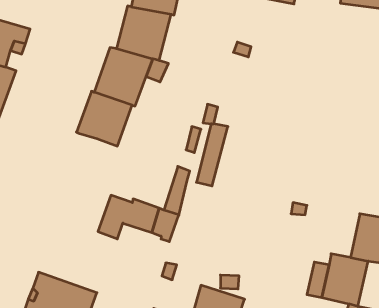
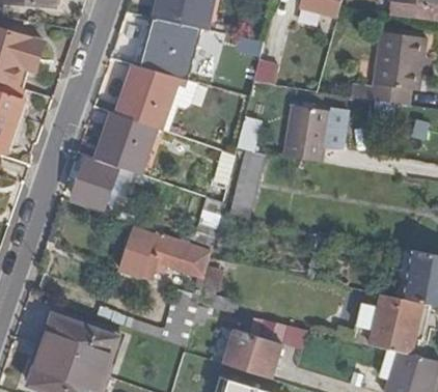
building: none -> [349,32,426,106]
building: none -> [283,107,348,164]
building: none -> [72,161,117,208]

